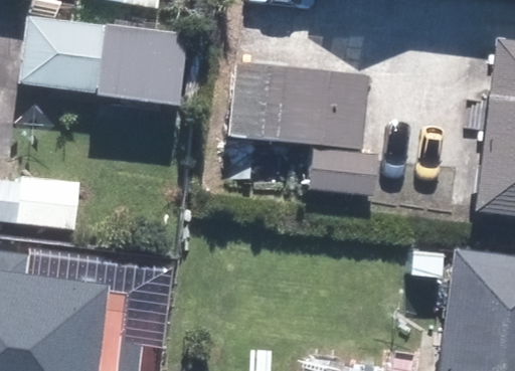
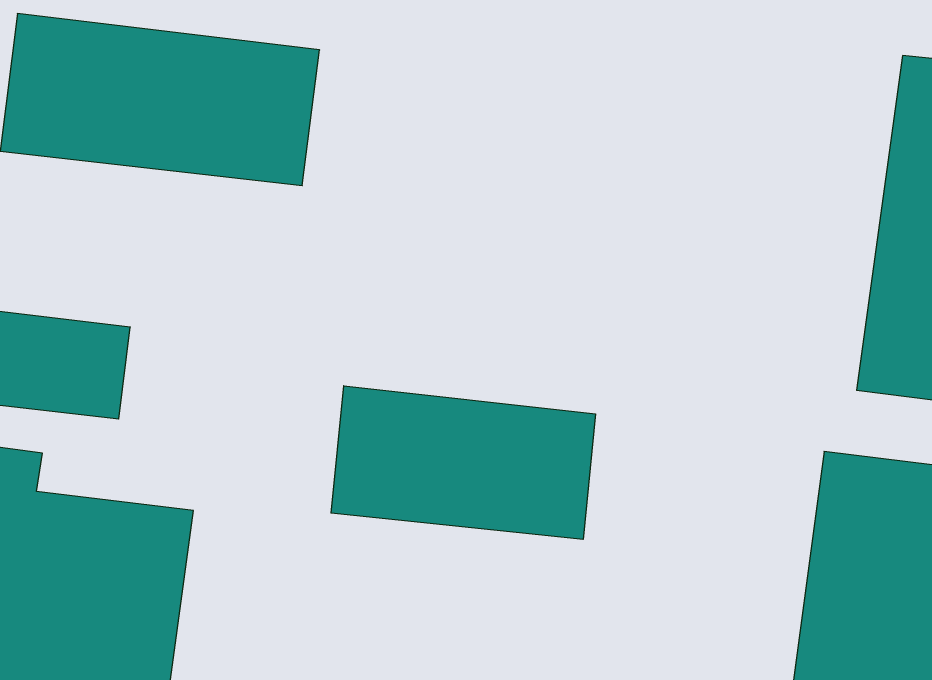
building: [230,62,372,150] -> none
building: none -> [331,386,595,539]

